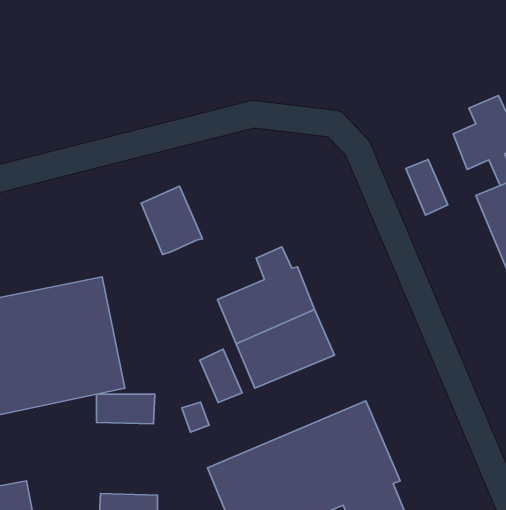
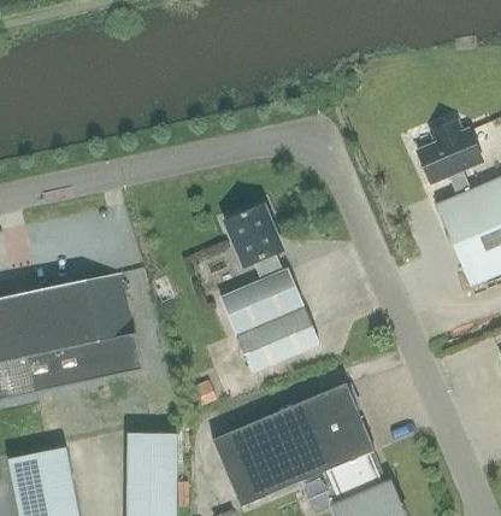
building: [406,159,448,215] -> none
building: [141,186,202,255] -> [230,204,282,262]
building: [200,349,242,403] -> none
building: [96,394,155,424] -> [124,434,173,459]

